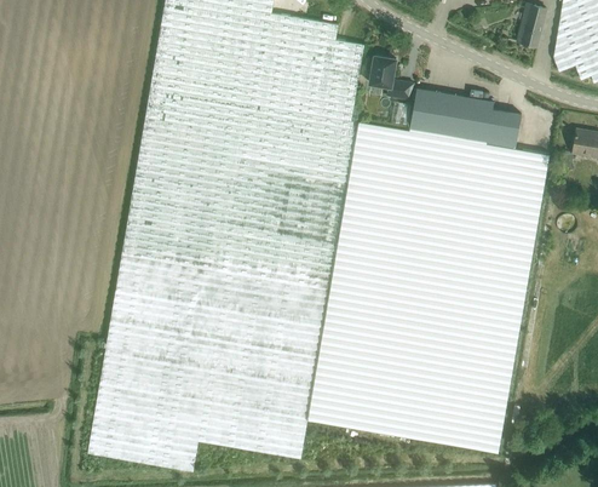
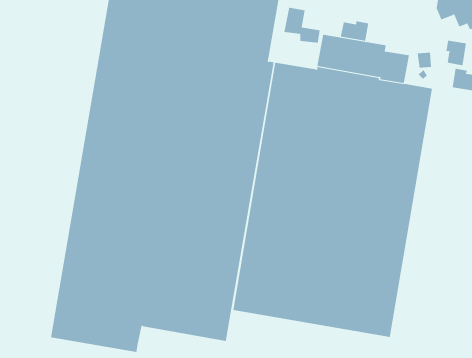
building: none -> [340,21,369,42]
building: none -> [446,40,466,66]

